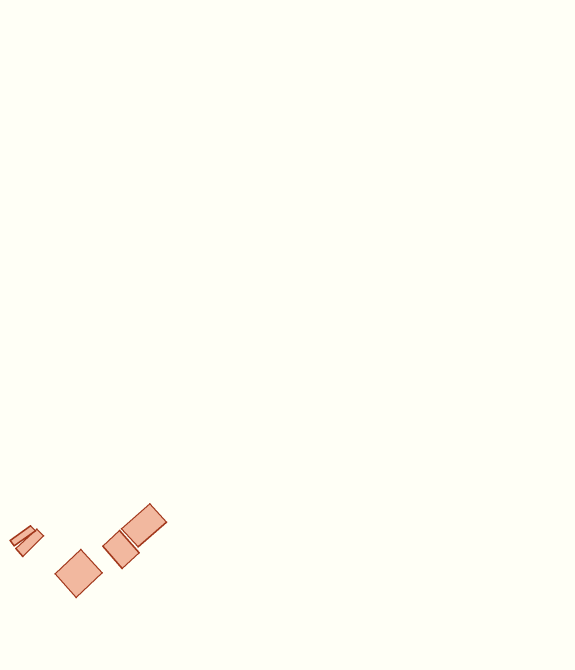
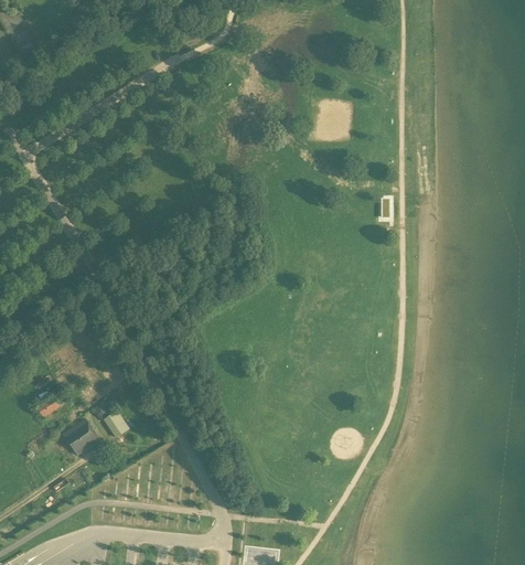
building: [121,504,167,547] -> none

